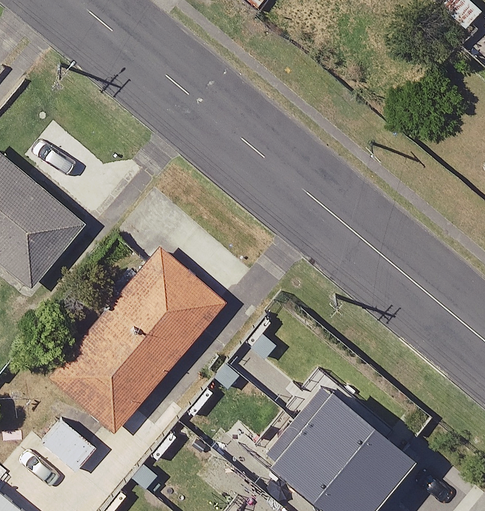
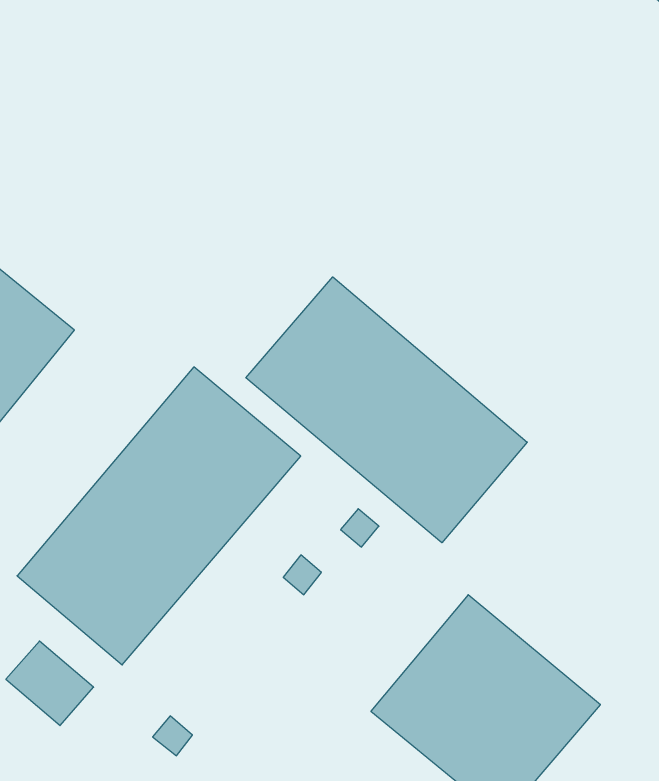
building: none -> [246,277,527,543]

